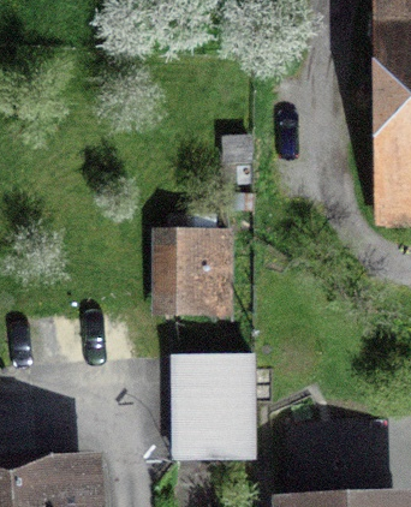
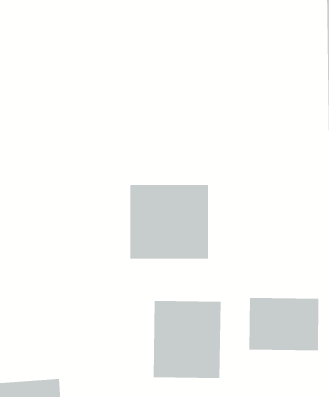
building: none -> [249,297,319,351]

